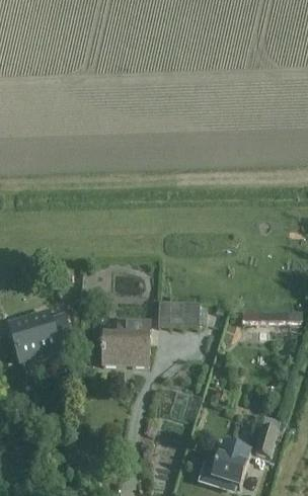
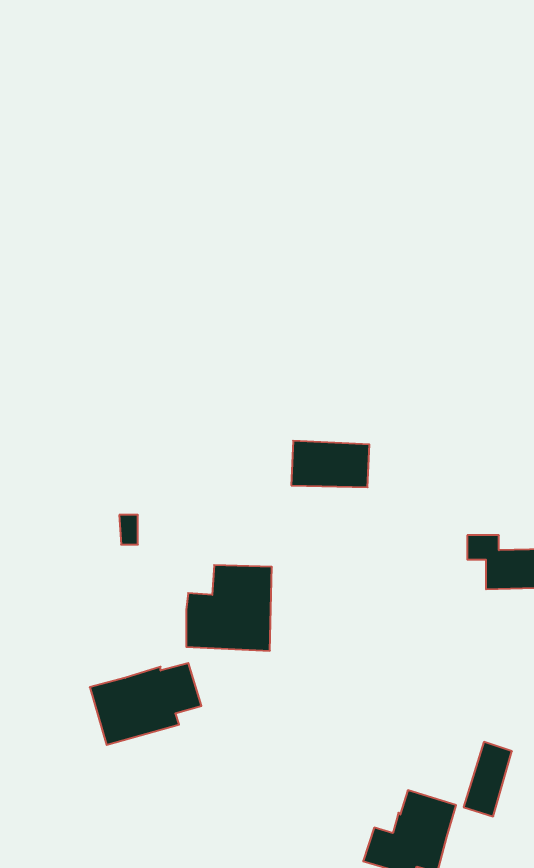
building: [158,301,201,326] -> [291,441,369,487]
building: [10,312,71,356] -> [90,663,201,745]

